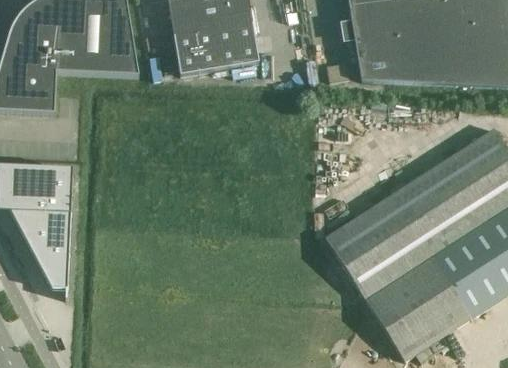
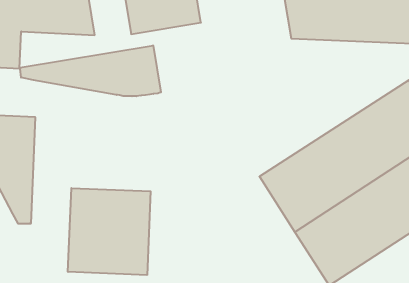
building: none -> [20,45,161,96]
building: none -> [68,188,151,275]

